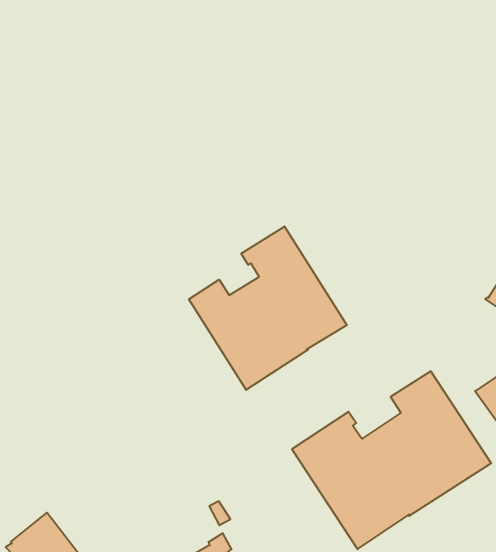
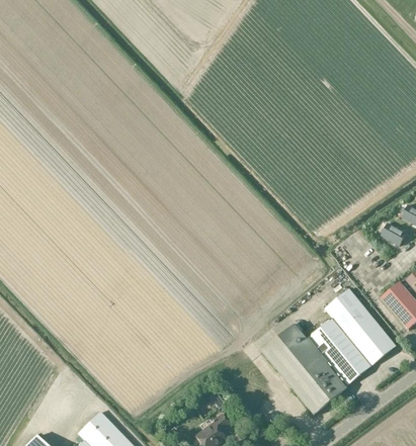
building: [189,226,347,390] -> none

